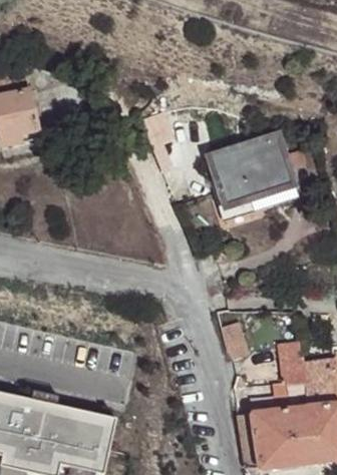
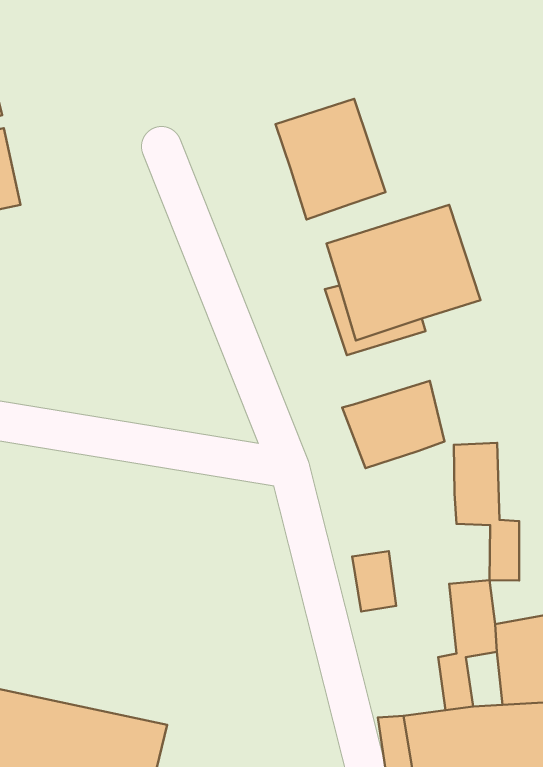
building: none -> [276,99,386,219]
building: none -> [342,381,444,468]
building: none -> [454,443,519,580]

